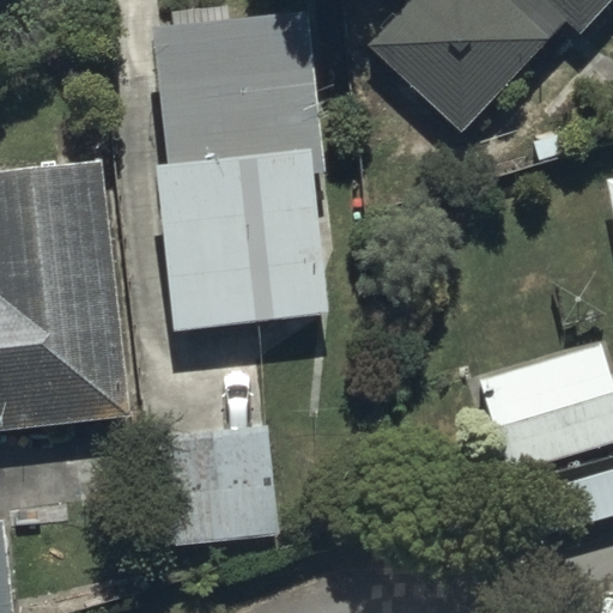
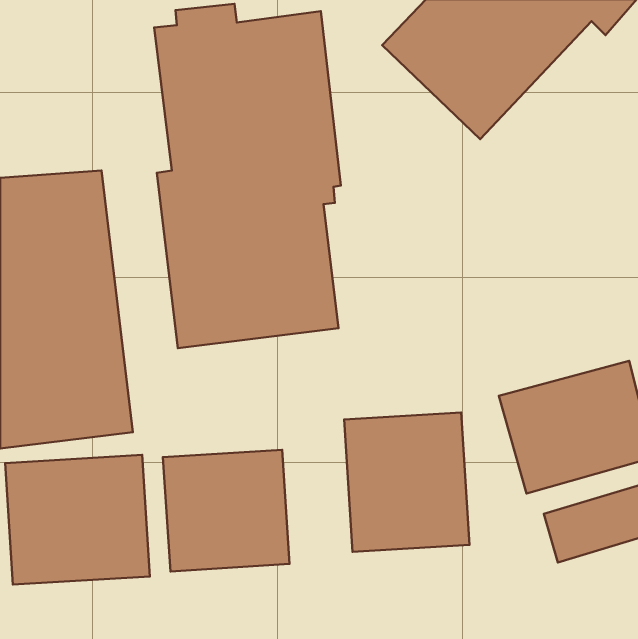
building: none -> [344,412,469,552]
building: none -> [5,455,150,585]

